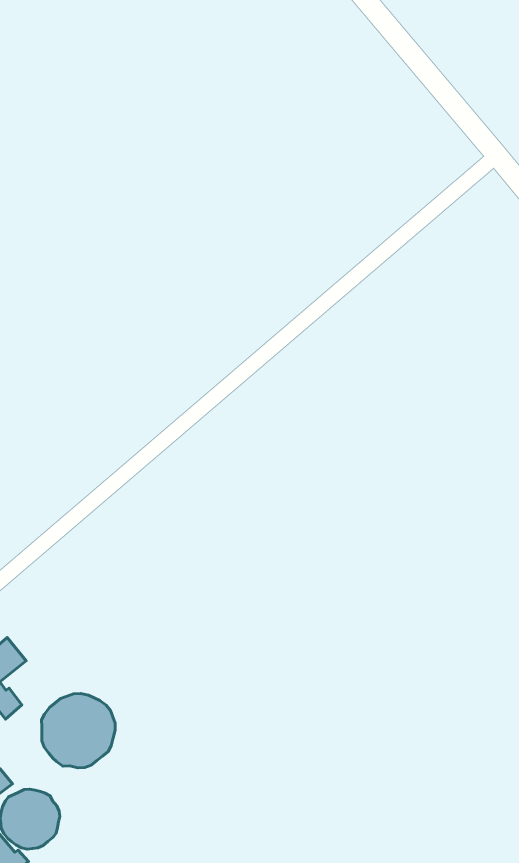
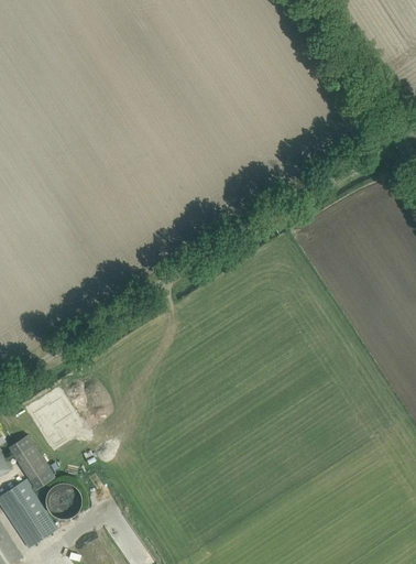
building: [42,693,115,768] -> none

